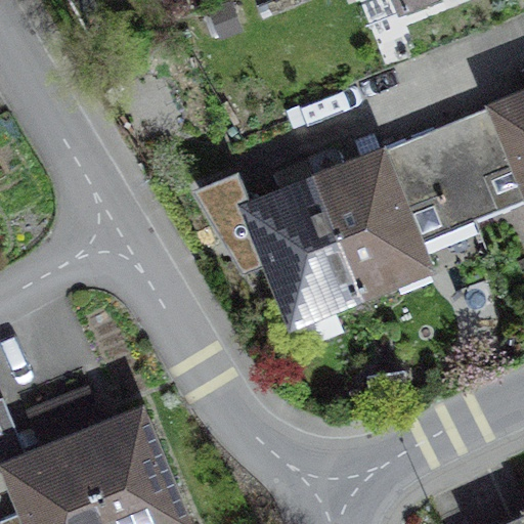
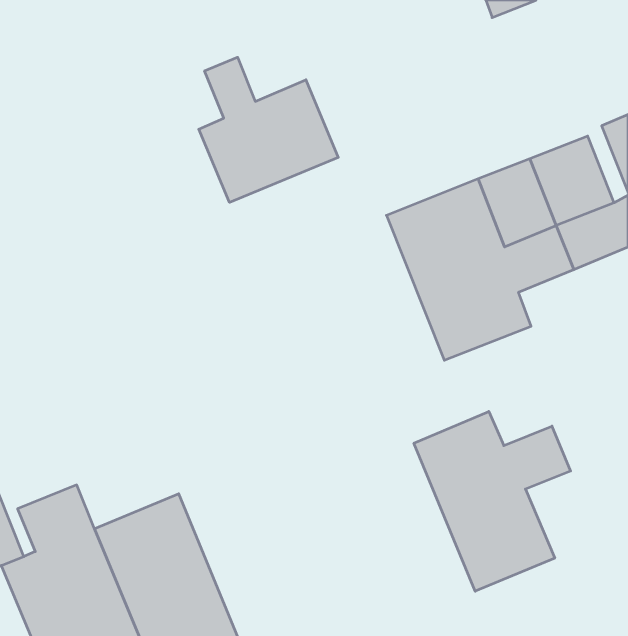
building: none -> [199,57,338,202]
building: [193,156,361,329] -> none
building: none -> [414,411,571,591]

